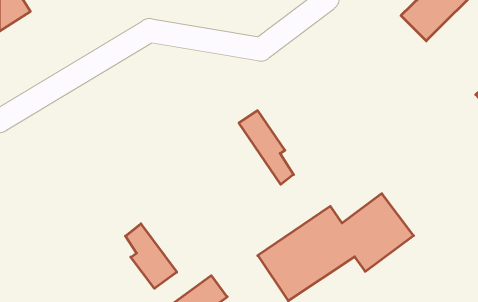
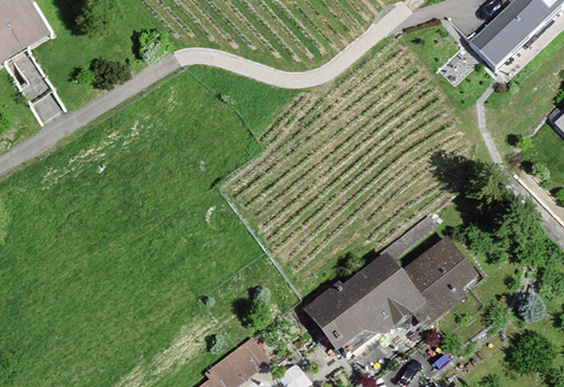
building: [239,111,294,184] -> none
building: [125,224,177,288] -> none

